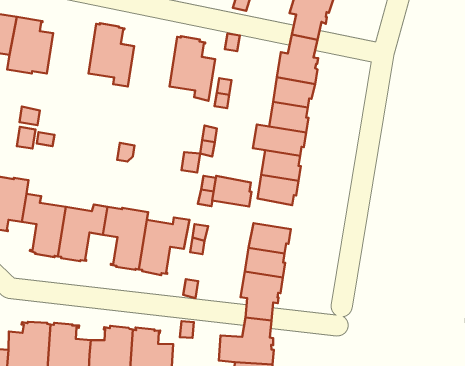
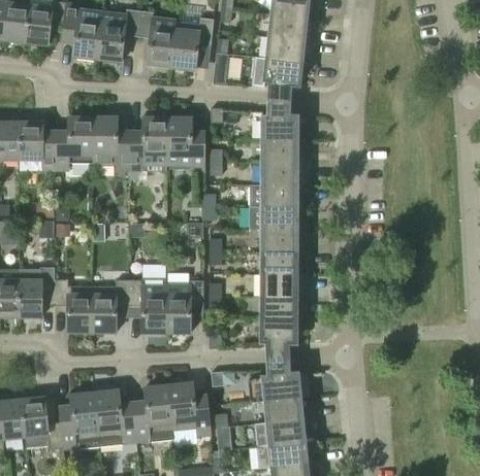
building: none -> [56,116,93,169]
building: none -> [130,116,167,179]
building: [212,176,252,207] -> [262,250,296,273]

